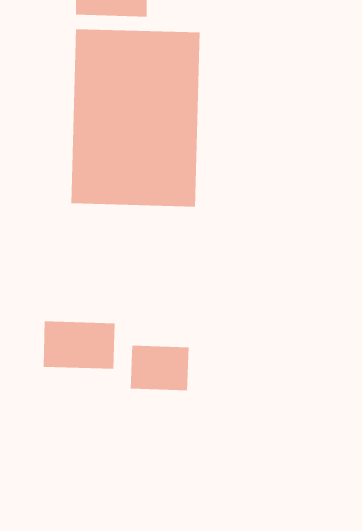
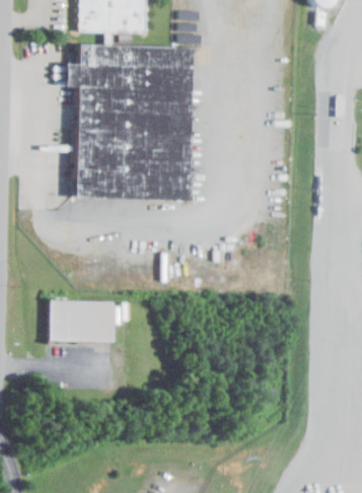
building: [130,345,189,391] -> none

